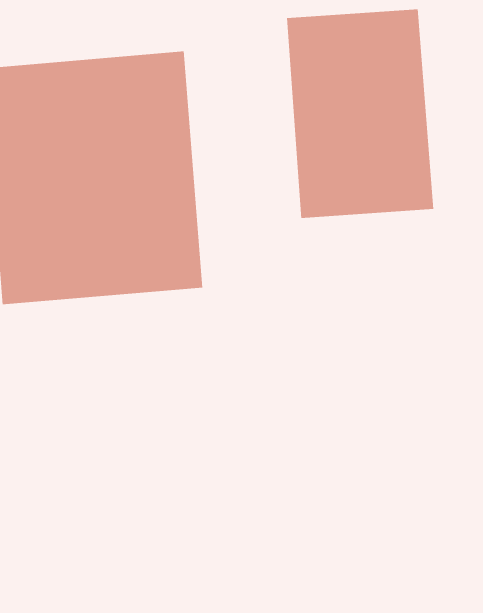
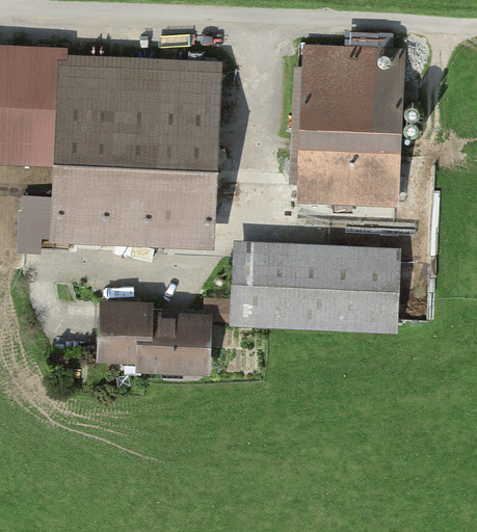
building: none -> [232,241,397,332]
building: none -> [96,303,206,372]

